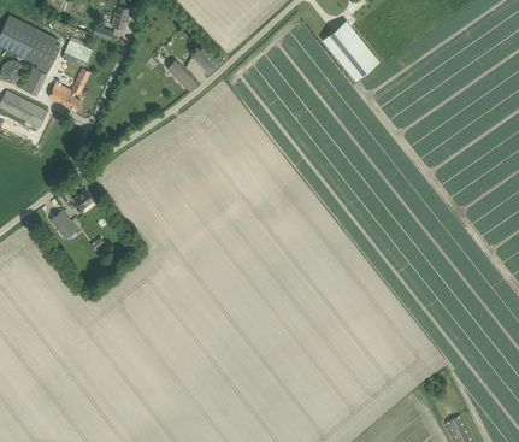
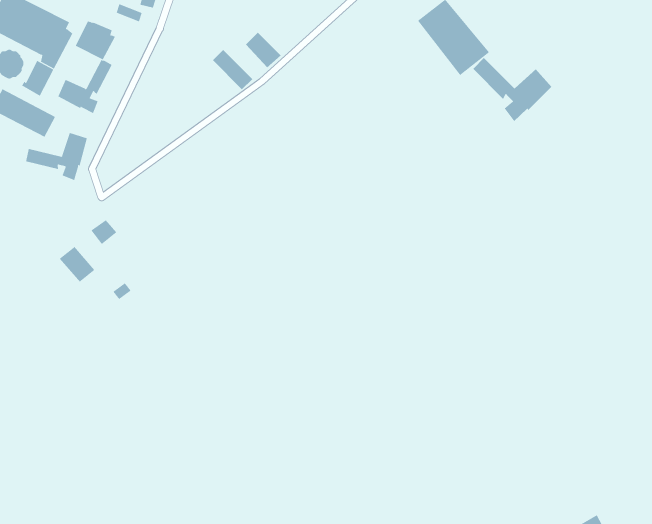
building: none -> [473,57,552,122]
building: none -> [25,132,88,181]

